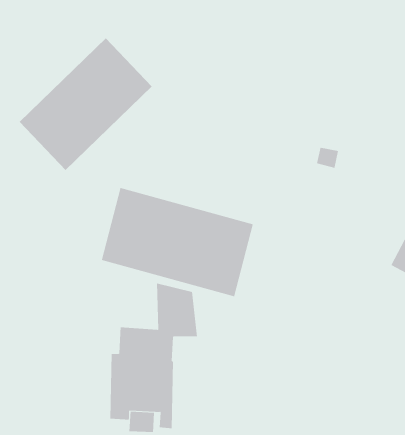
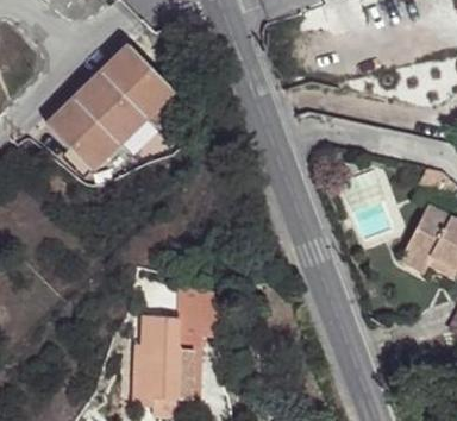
building: [101,187,254,297] -> none

